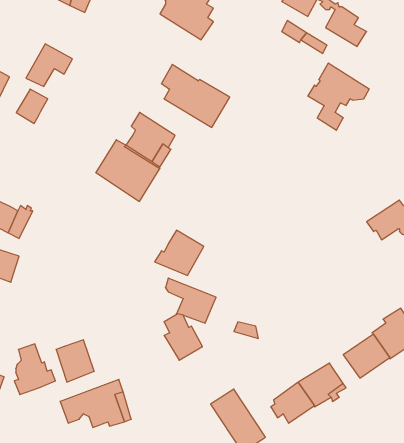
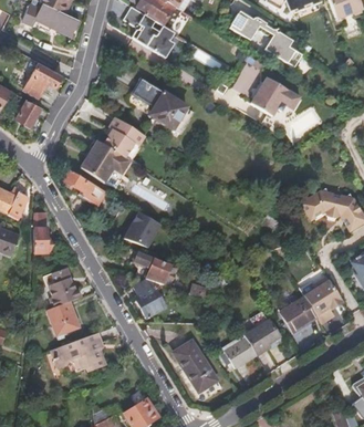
building: none -> [61,170,104,205]
building: none -> [34,212,54,253]
building: [14,344,55,395] -> [50,265,83,306]

